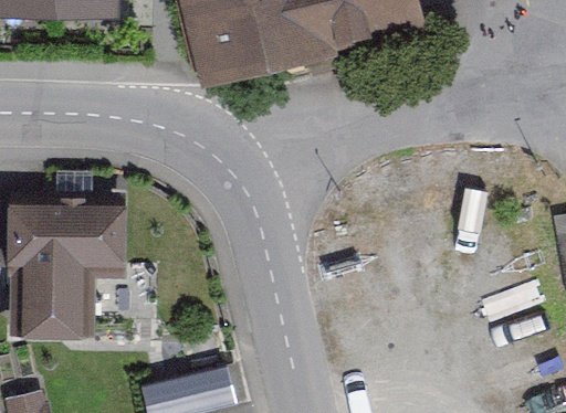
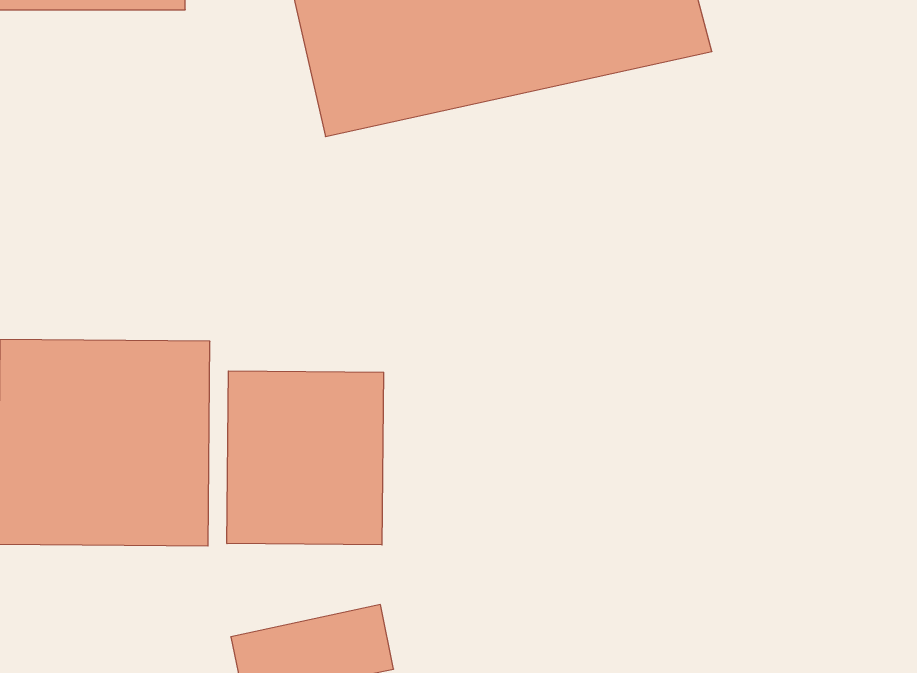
building: none -> [227,371,384,545]

